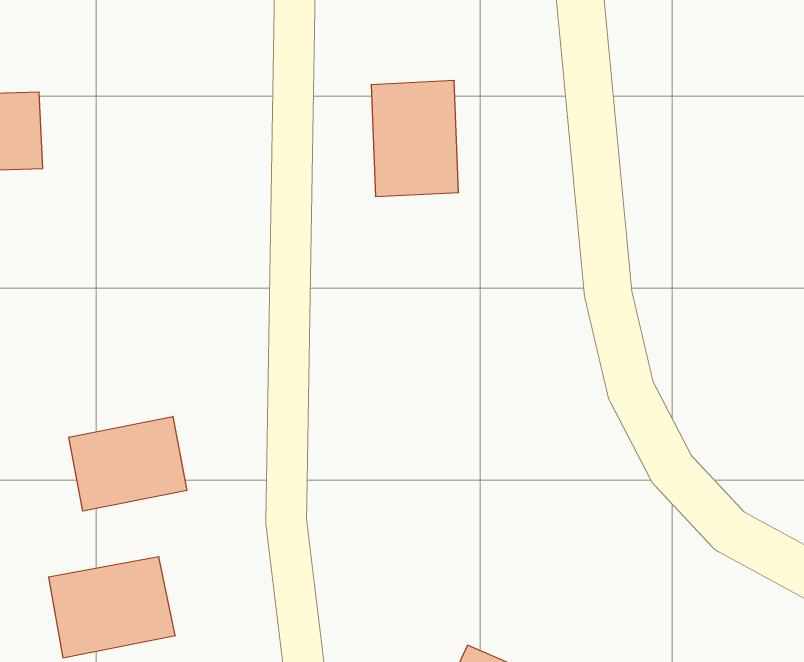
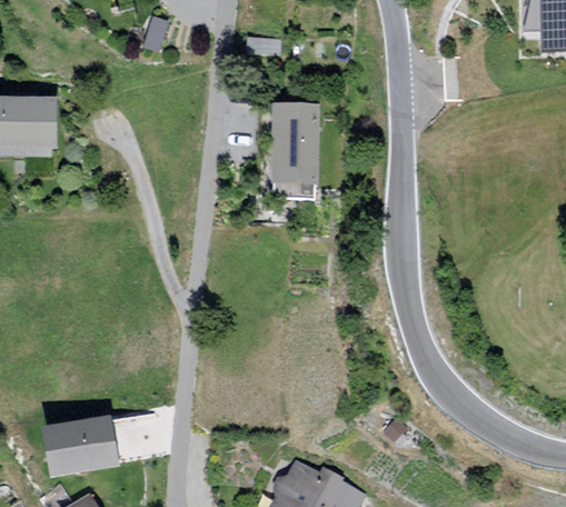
building: [69,416,187,511] -> none

